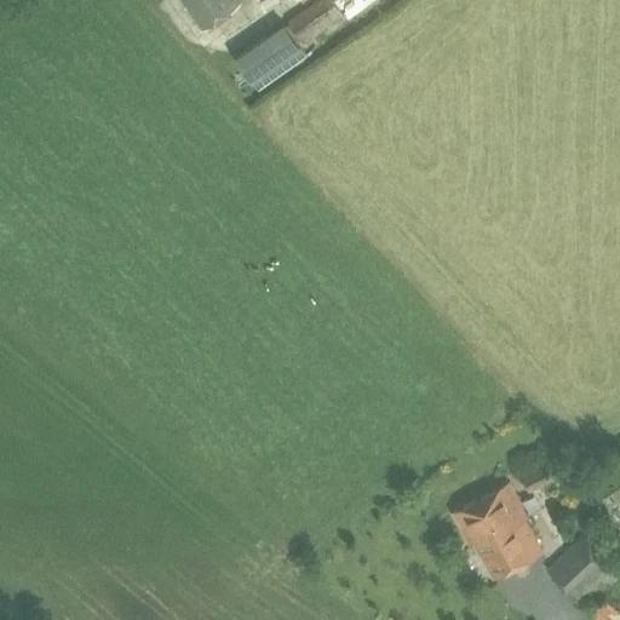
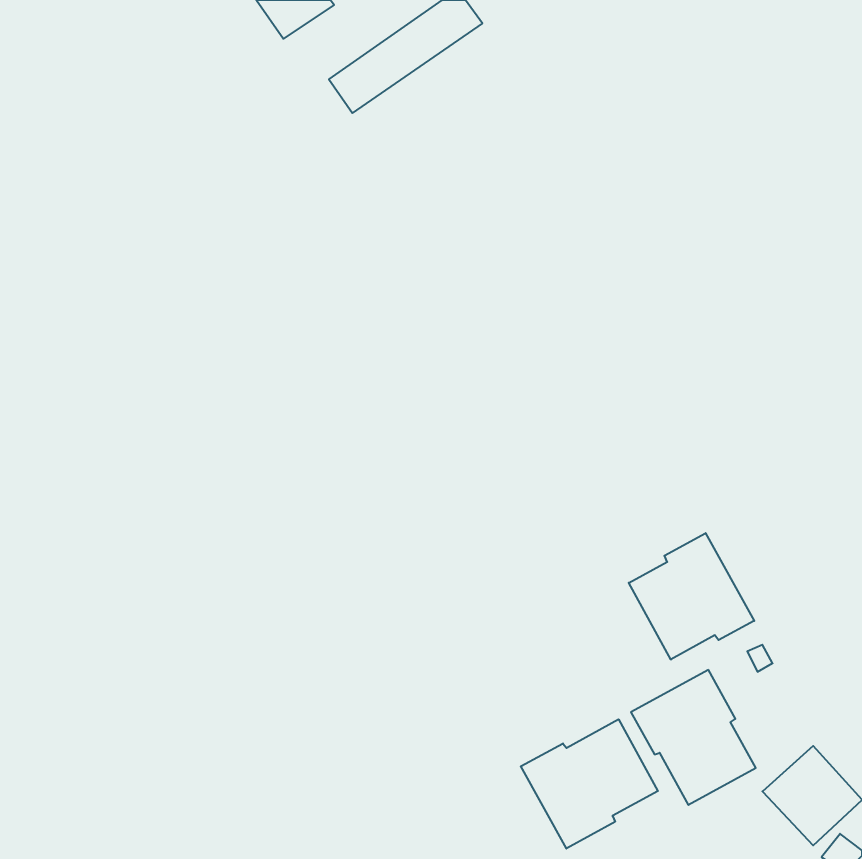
building: none -> [629,533,754,660]
building: none -> [521,719,658,849]

